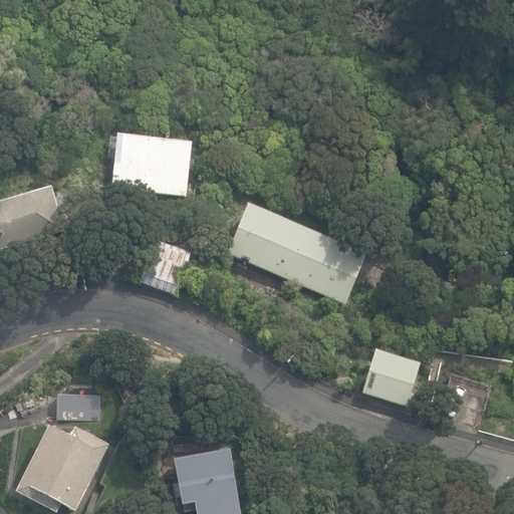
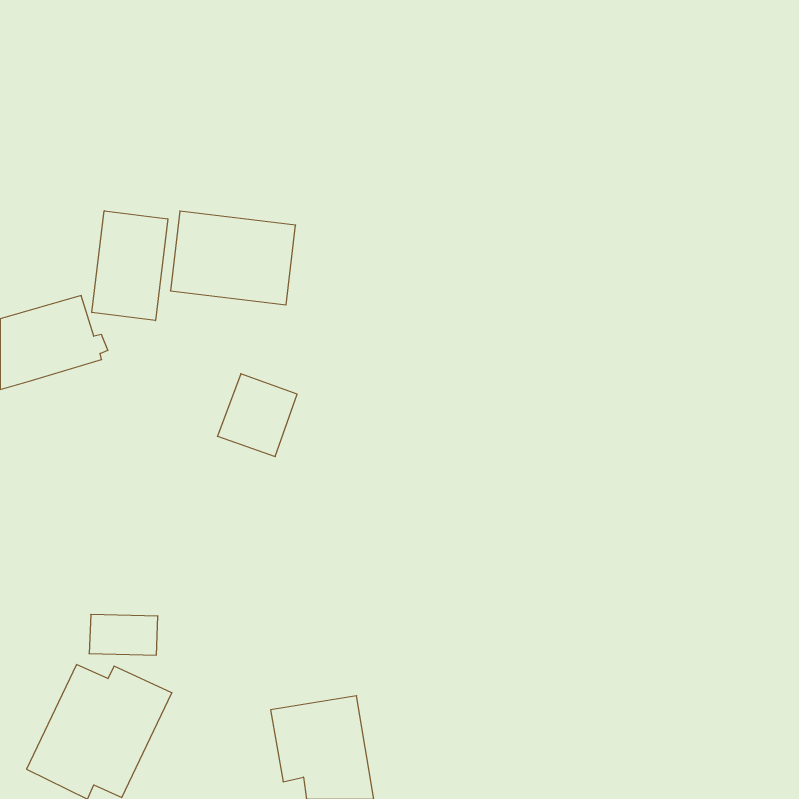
building: none -> [92,211,168,321]
building: [227,202,366,301] -> none
building: [359,348,418,406] -> none

